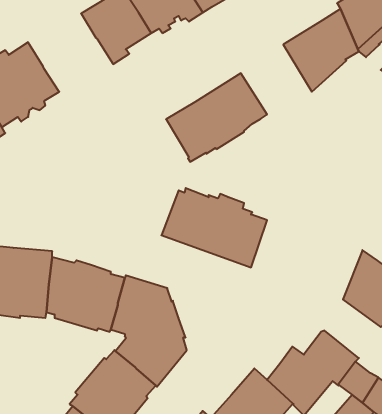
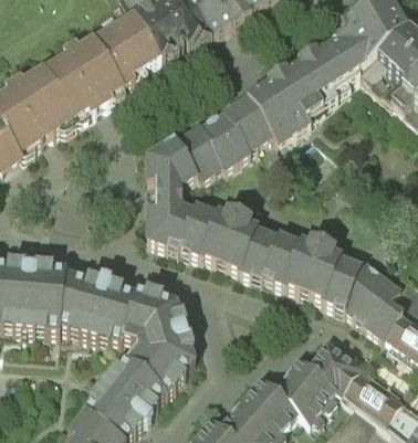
building: none -> [44,34,125,113]
building: none -> [247,64,316,138]
building: none -> [143,136,198,247]
building: none -> [258,233,365,309]

